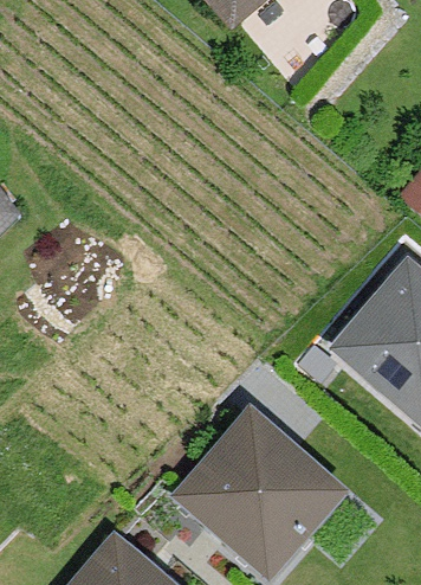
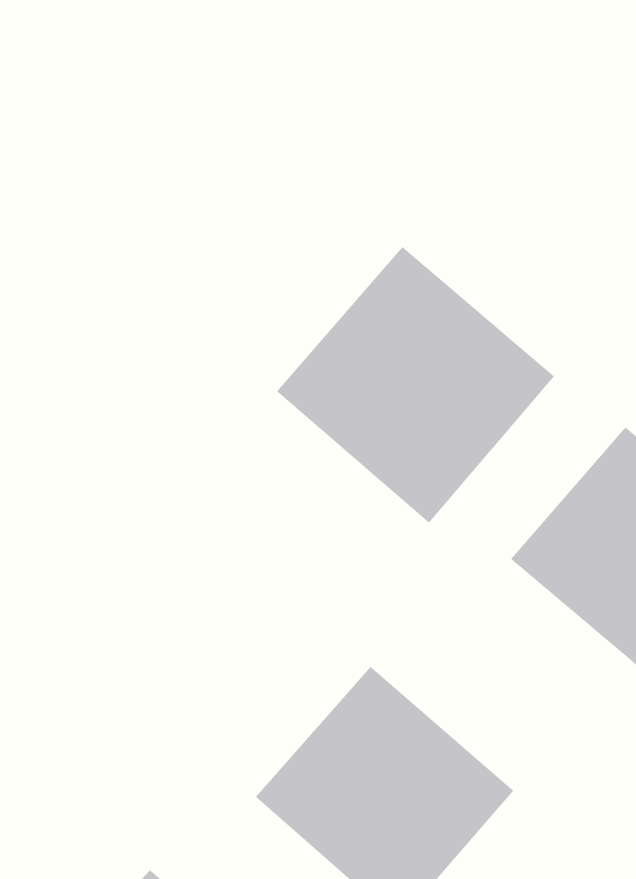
building: none -> [276,246,555,523]

